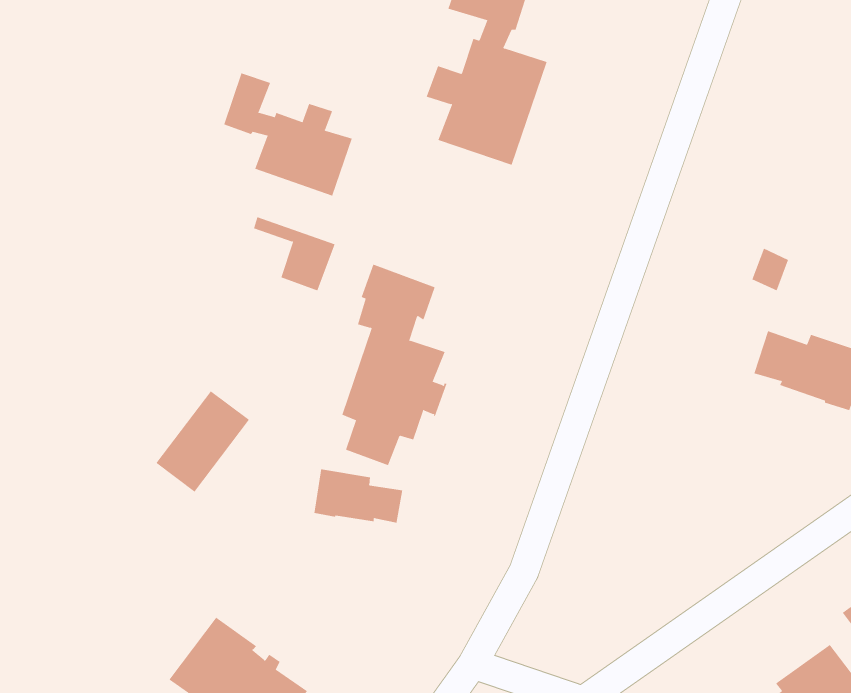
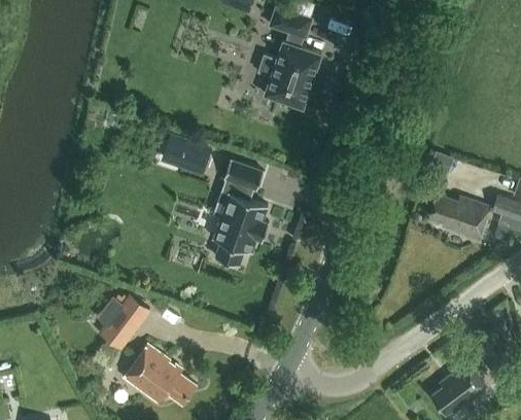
building: [224,72,353,196] -> none
building: [156,390,250,492] -> [100,296,149,350]
building: [314,469,403,524] -> none

